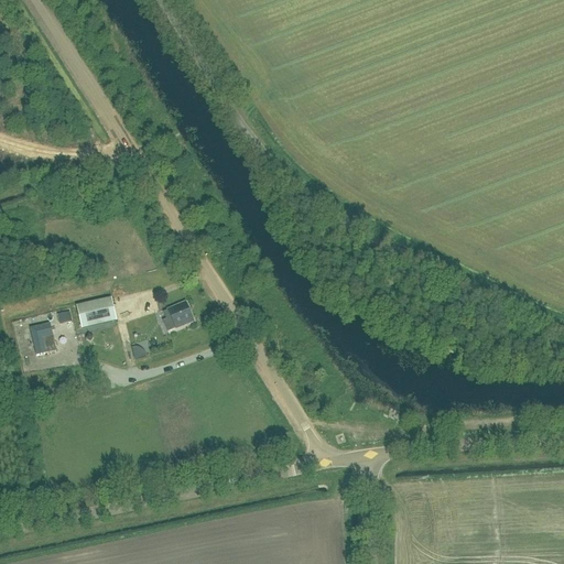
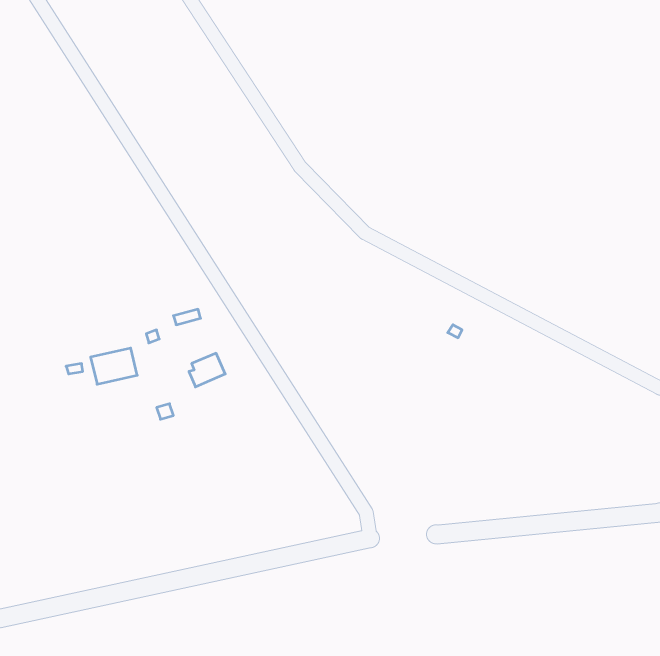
building: [30,322,53,354] -> none

